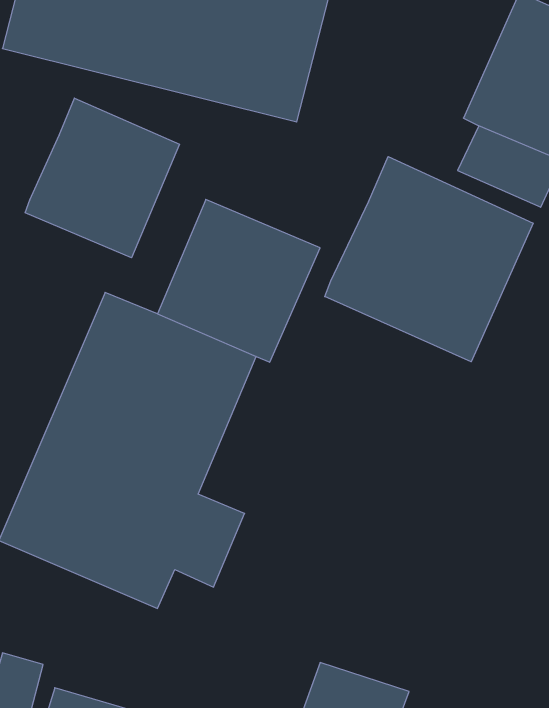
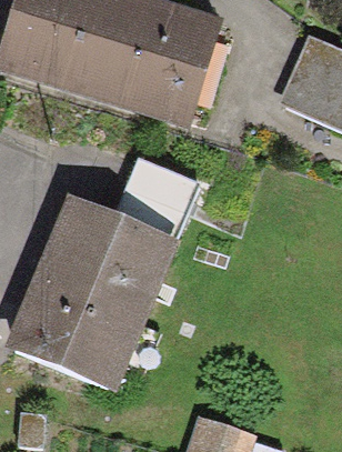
building: [25,98,180,258] -> none
building: [325,157,533,362] -> none

